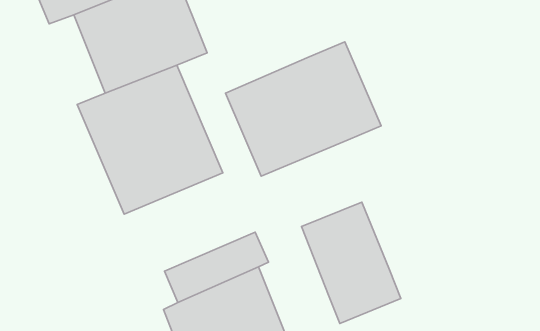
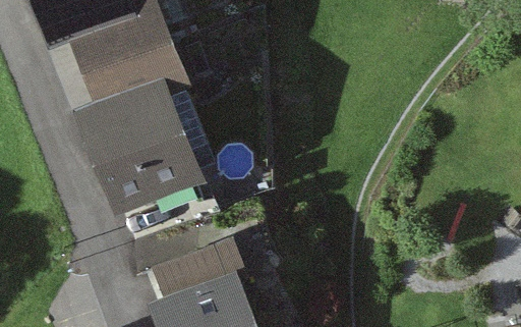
building: [226,42,381,176] -> none
building: [302,202,401,323] -> none

